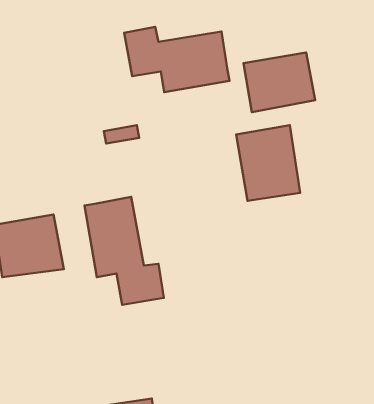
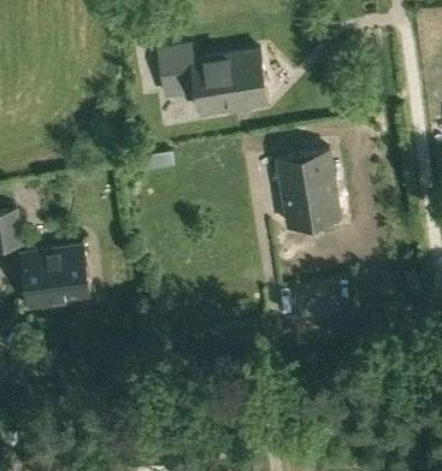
building: [244,53,315,112] -> none
building: [84,197,164,305] -> none

